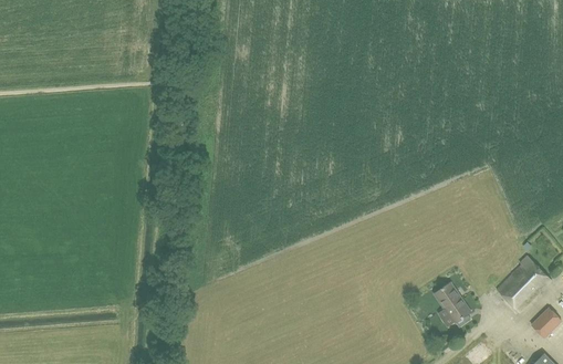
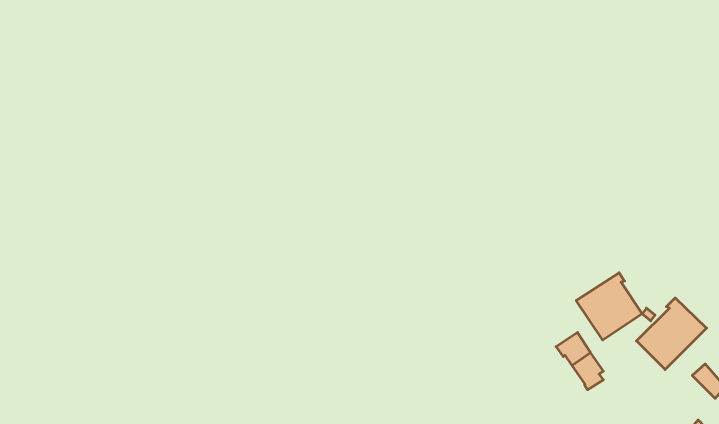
building: none -> [576,273,642,340]

